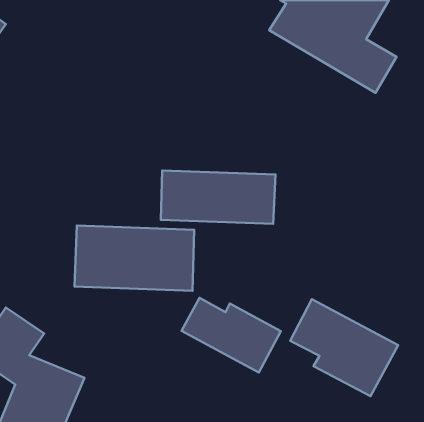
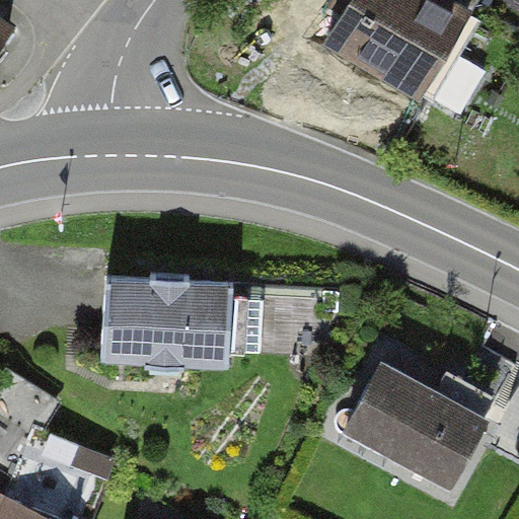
building: [161,171,275,224] -> none
building: [181,298,281,372] -> none

